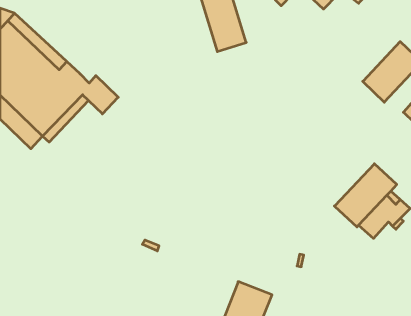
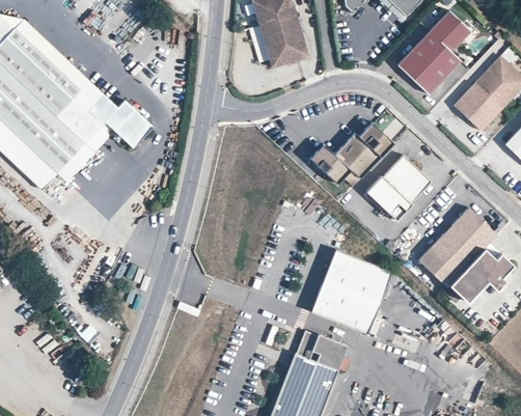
building: none -> [396,9,470,94]
building: none -> [310,121,394,183]
building: none -> [365,155,431,220]
building: none -> [314,245,394,328]
building: none -> [299,332,350,371]

